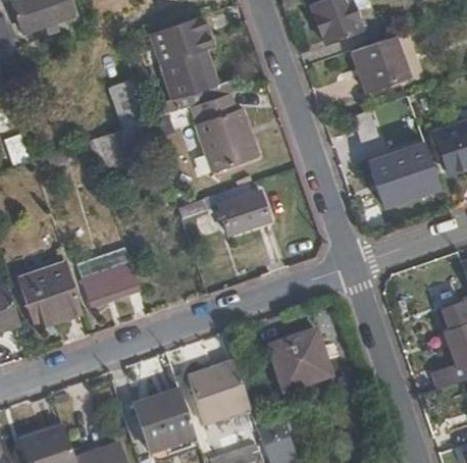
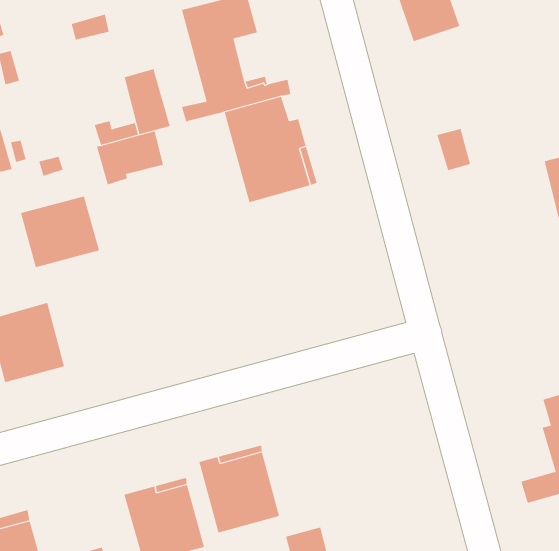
building: [359,28,429,90] -> none
building: [367,142,439,207] -> none
building: [177,184,267,236] -> none
building: [77,250,140,307] -> [20,196,100,268]
building: [269,331,330,392] -> none

